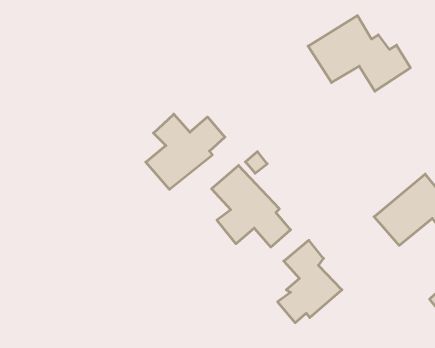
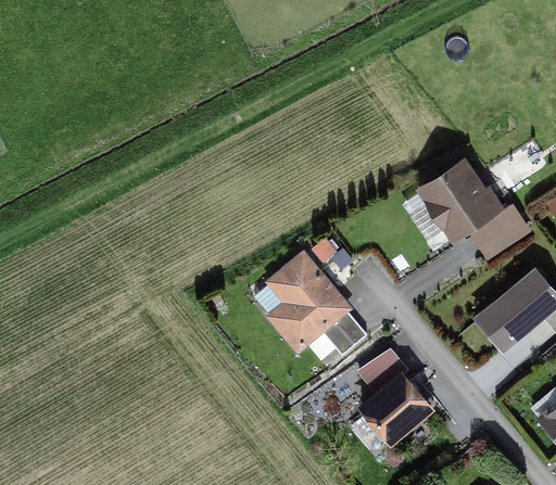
building: [308,16,410,91] -> [403,165,531,259]
building: [146,114,225,189] -> none

